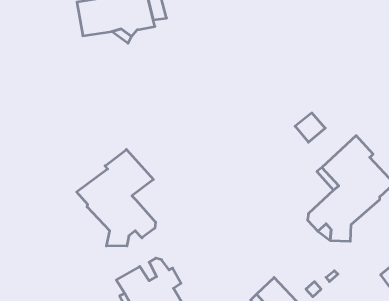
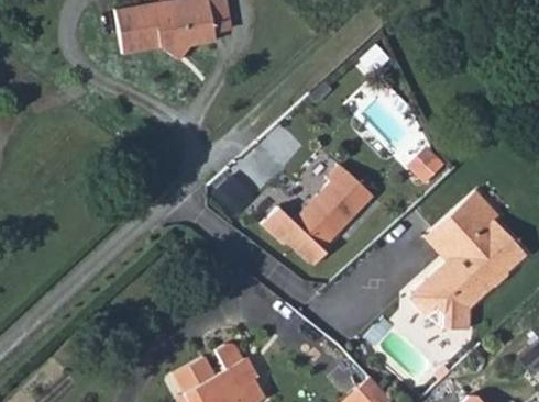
building: none -> [260,168,367,273]
building: [77,149,156,246] -> none

